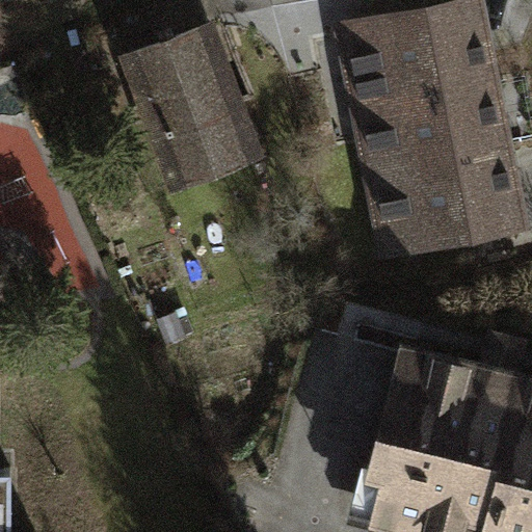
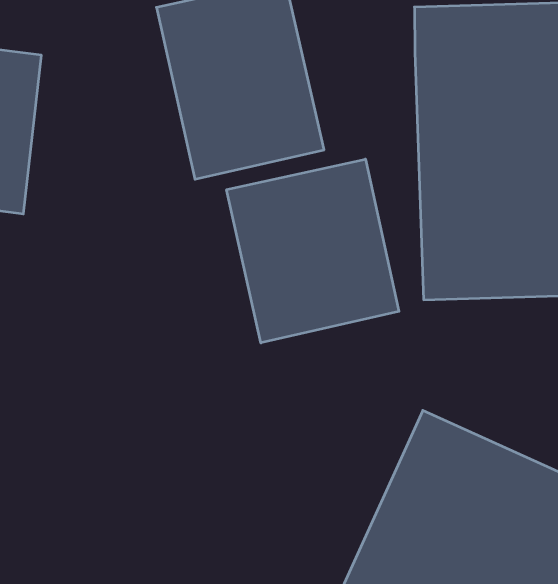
building: none -> [227,159,399,343]

